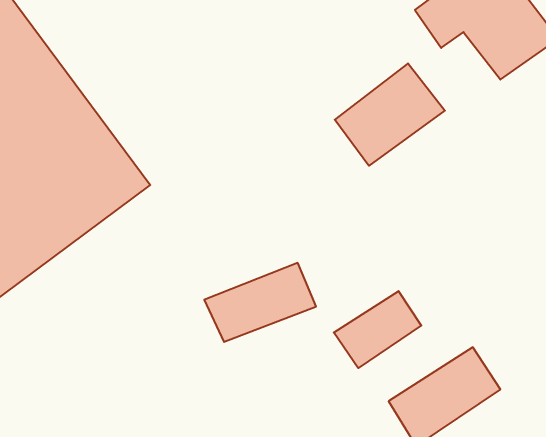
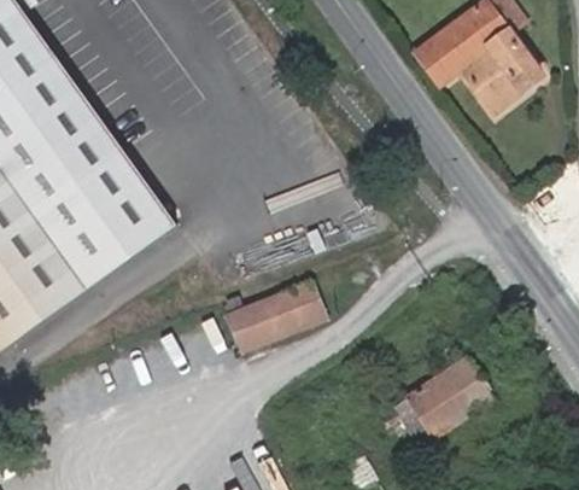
building: [335,63,445,166] -> none
building: [334,291,421,368] -> none

